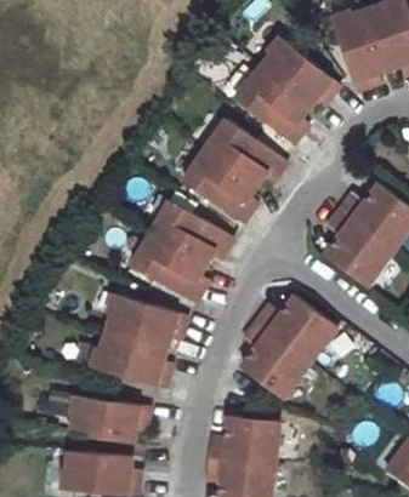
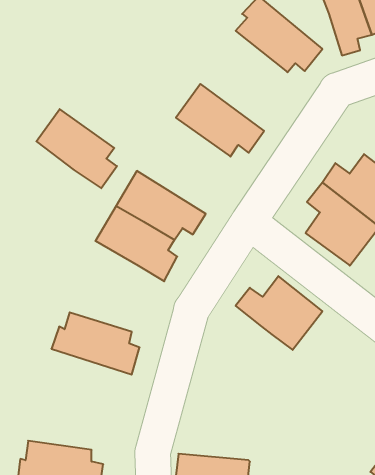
building: [237,67,311,142] -> none
building: [183,148,259,222] -> [36,109,117,188]
building: [106,291,187,348] -> none
building: [244,324,314,401] -> none
building: [66,394,146,441] -> none
building: [208,417,279,469] -> none

